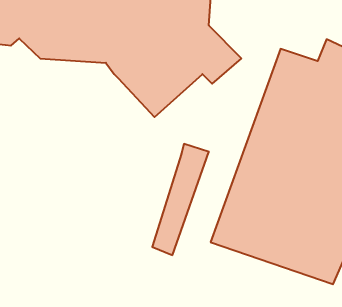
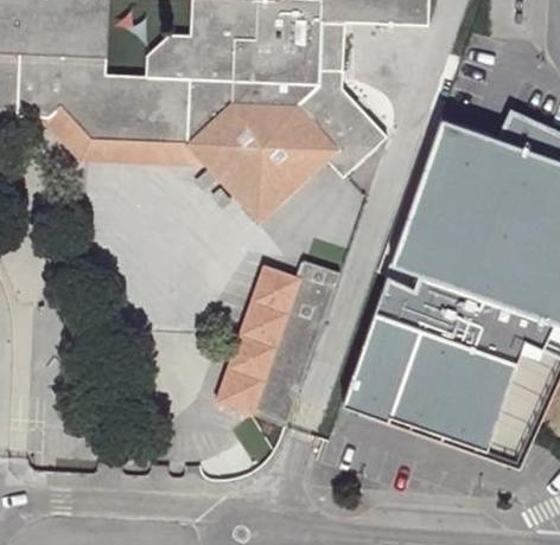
building: none -> [42,107,206,165]
building: none -> [216,262,299,411]

